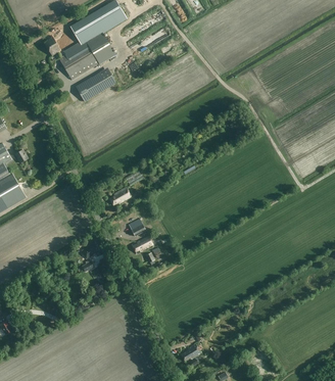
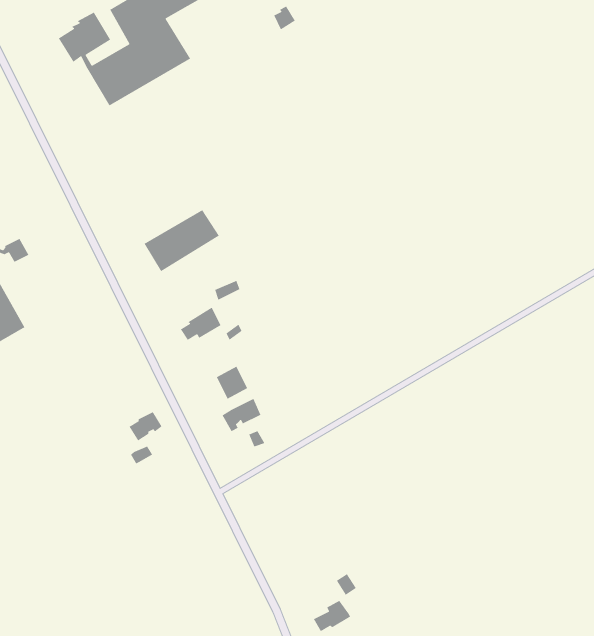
building: [75,68,115,102] -> [144,209,220,272]

